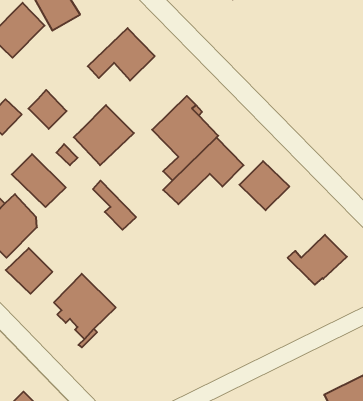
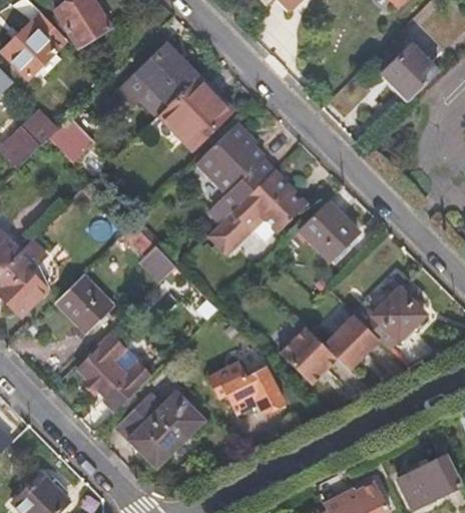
building: none -> [383,44,439,100]
building: [74,105,134,165] -> [160,76,231,147]
building: [12,154,66,207] -> none
building: [6,248,52,294] -> [56,275,111,329]
building: none -> [282,315,381,383]
building: none -> [208,361,283,412]
building: none -> [119,392,205,465]

